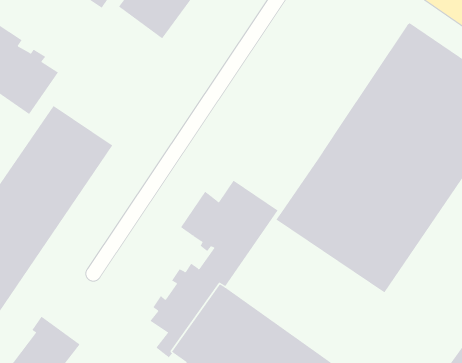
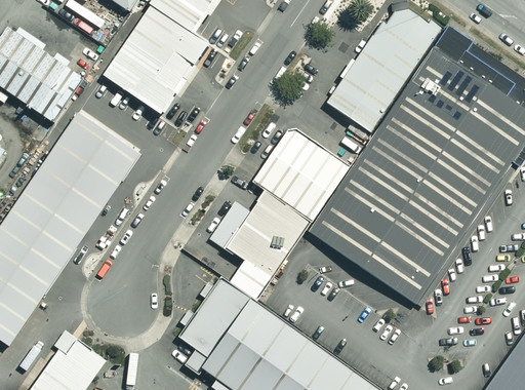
building: none -> [325,8,444,135]
building: none -> [95,9,206,121]
building: none -> [250,129,351,224]

